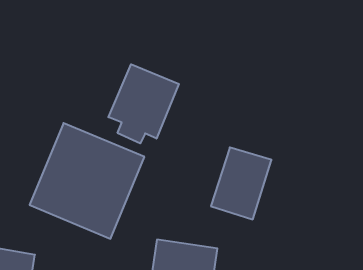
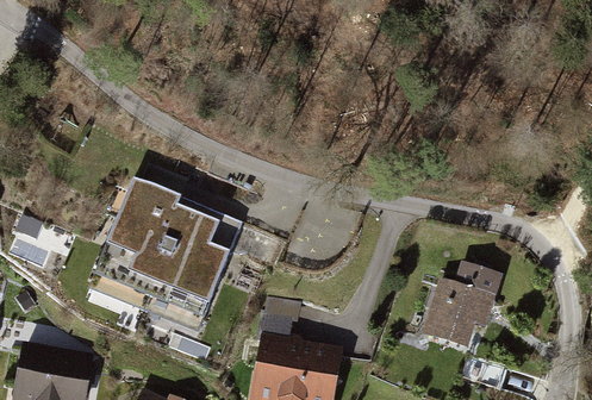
building: [108,64,179,143] -> none
building: [211,147,272,219] -> [417,268,498,364]

